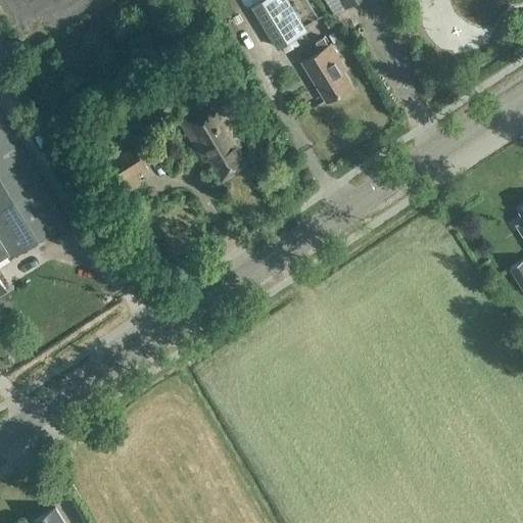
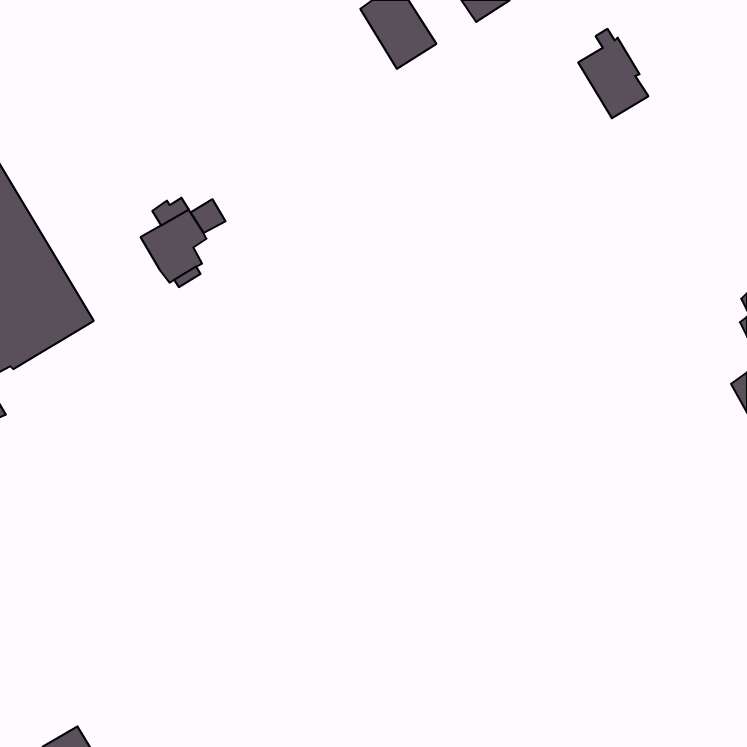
building: [301,39,350,101] -> [578,29,648,118]
building: [178,99,245,180] -> none

